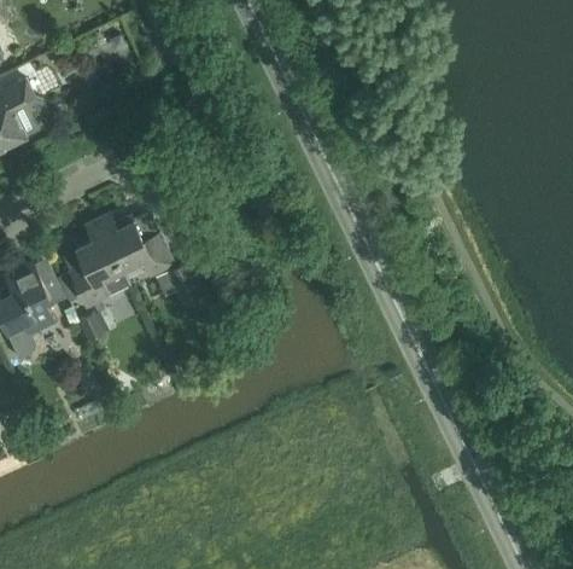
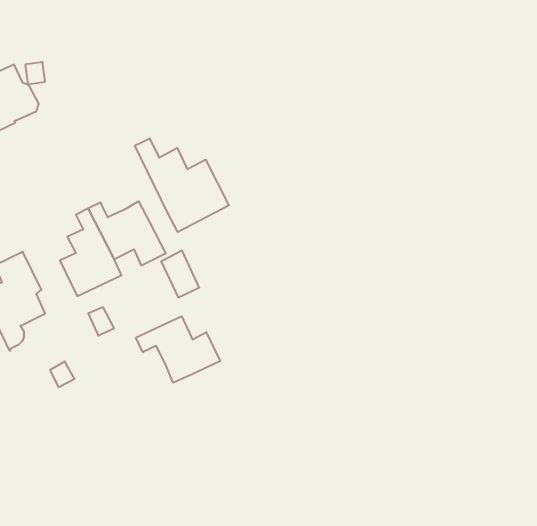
building: none -> [135,138,229,232]
building: none -> [136,316,220,383]

